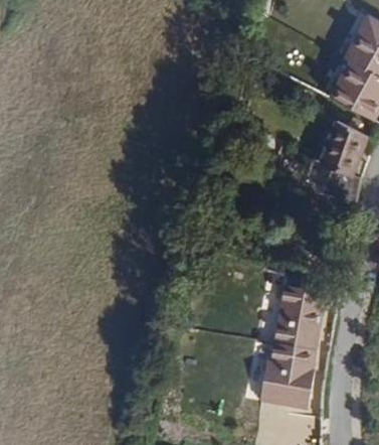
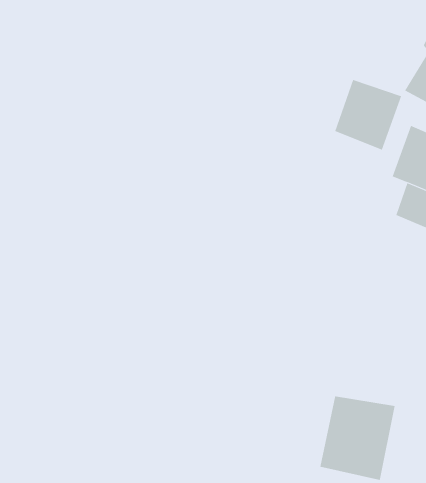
building: none -> [335,79,402,151]
building: [270,283,330,351] -> none

